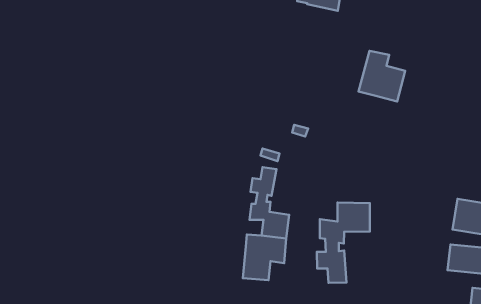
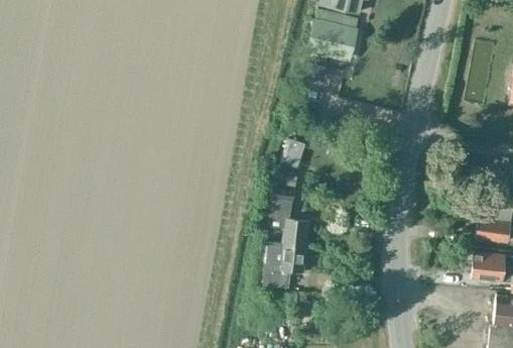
building: [359,51,405,101] -> [307,9,355,61]
building: [317,203,370,283] -> none

